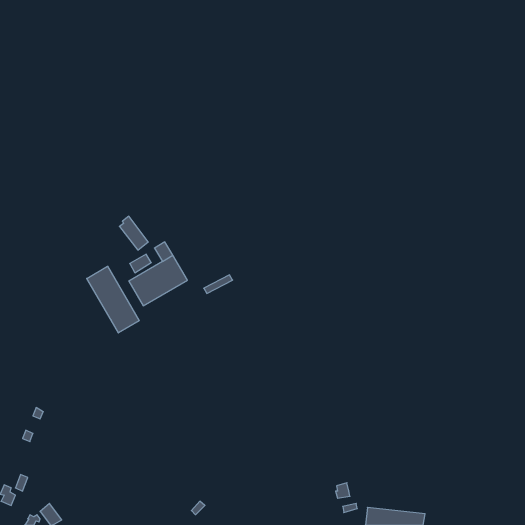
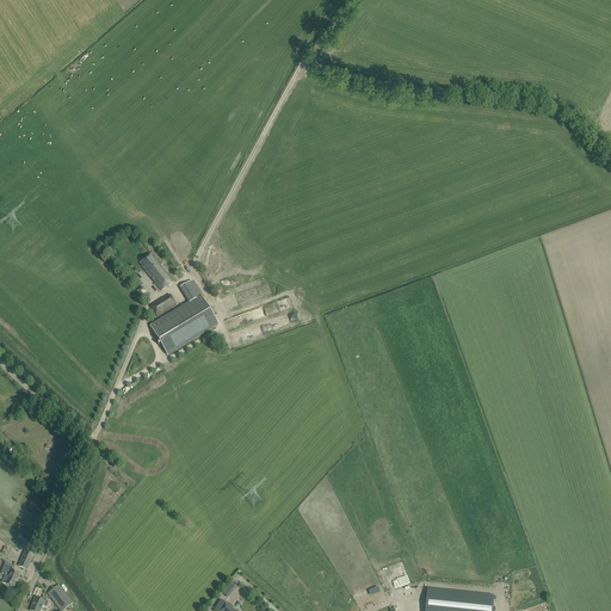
building: [87,266,139,333] -> none

